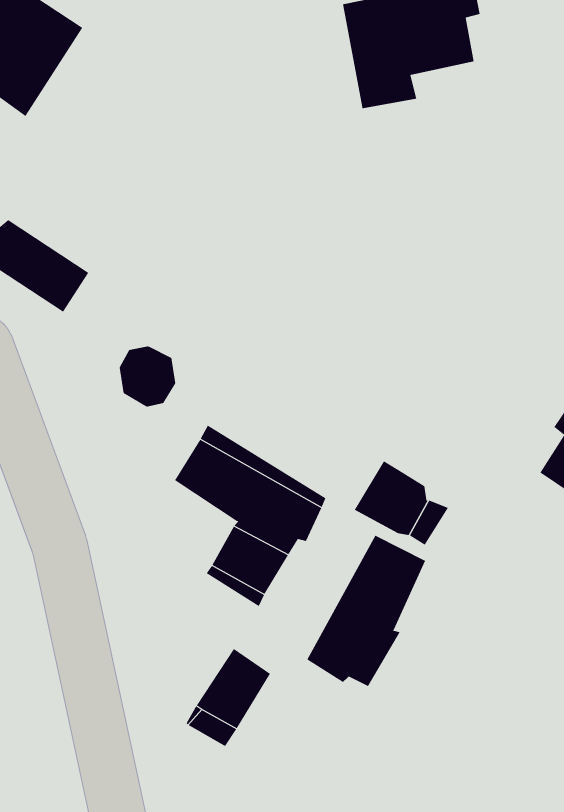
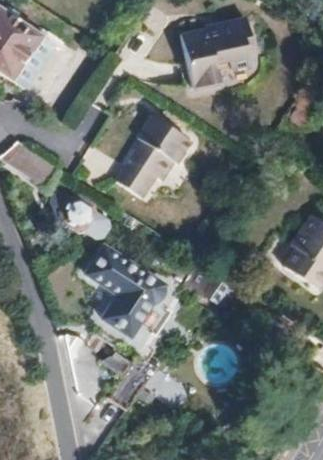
building: none -> [115,116,193,198]
building: [306,535,426,687] -> none

